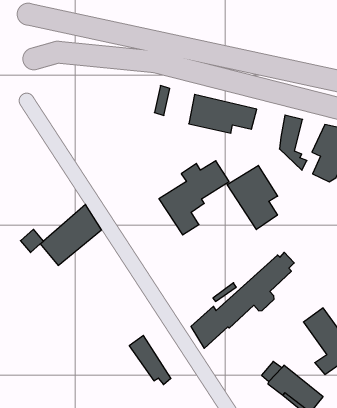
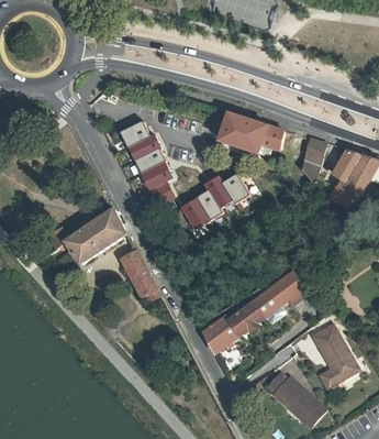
building: none -> [123,122,178,193]
building: [227,165,278,230] -> none
building: [129,335,171,385] -> [121,251,158,299]

